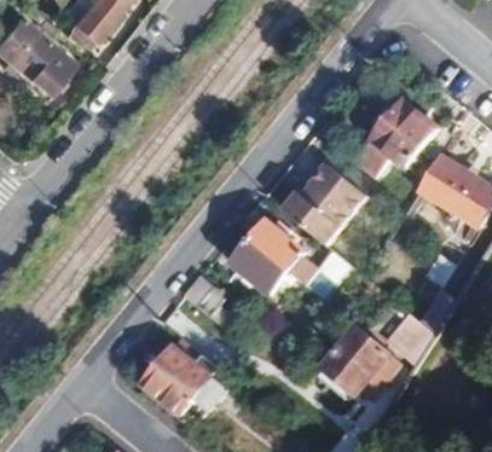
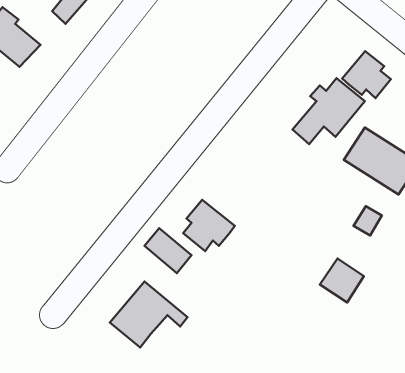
building: none -> [342,51,391,98]
building: [285,164,367,245] -> none
building: [251,221,319,285] -> none
building: [324,335,394,404] -> none

